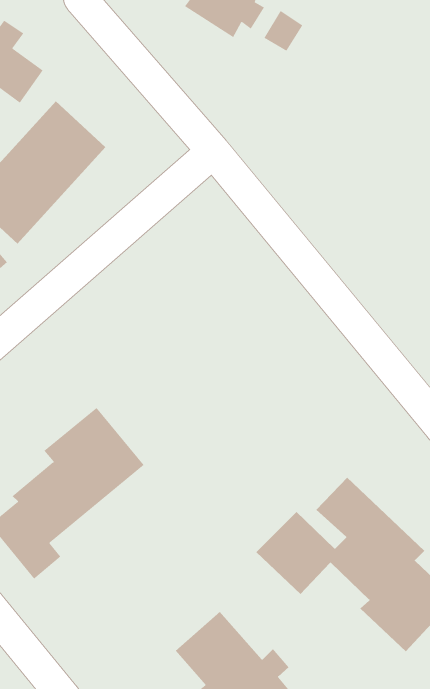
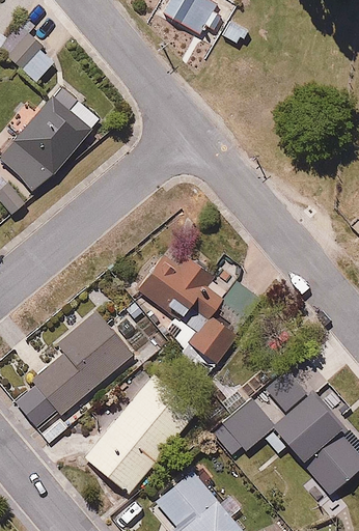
building: none -> [127,252,239,372]
building: none -> [83,373,199,497]

